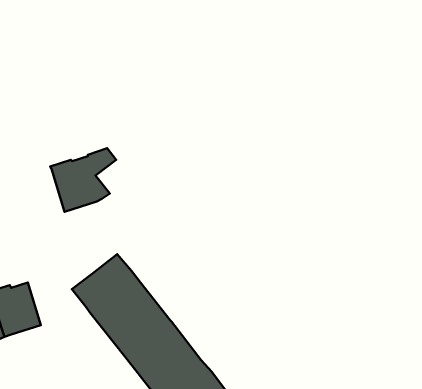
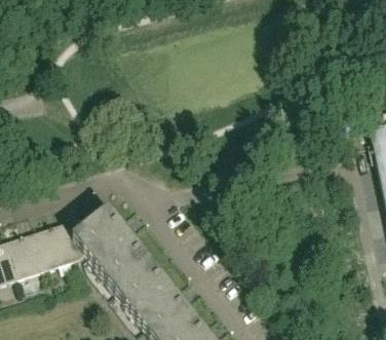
building: [50,148,116,212] -> [37,218,89,268]

